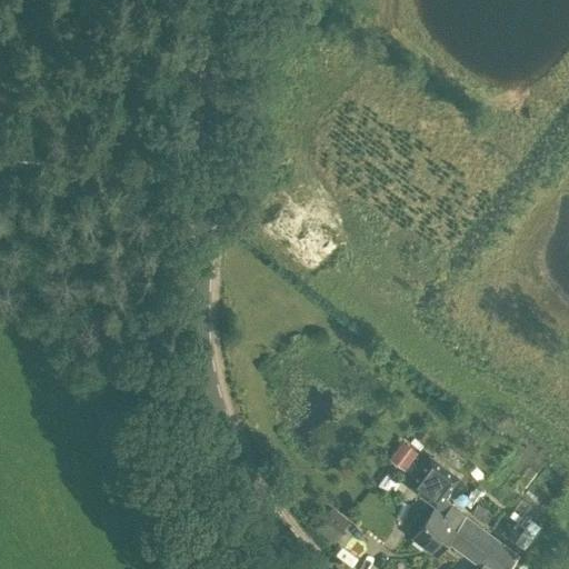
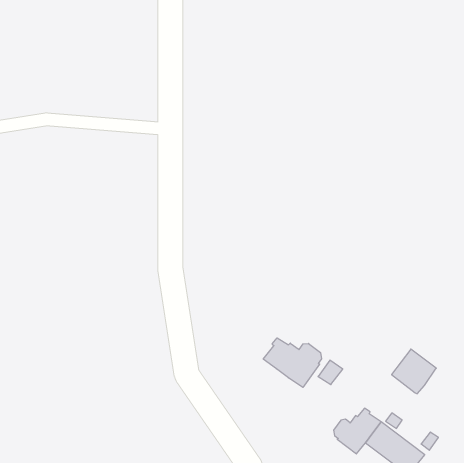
building: none -> [263,338,321,387]
building: [407,457,461,511] -> [392,349,436,394]

